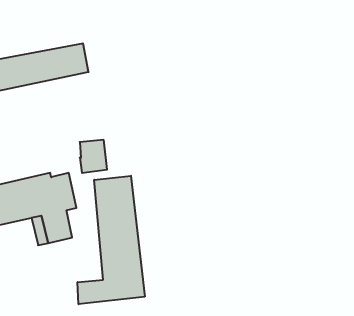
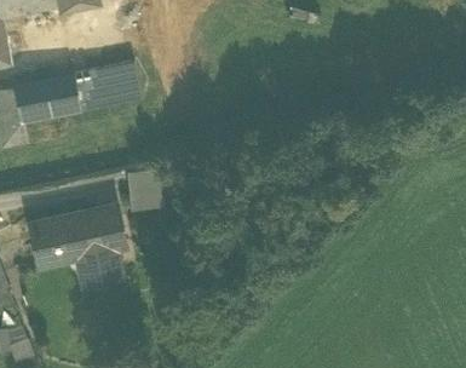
building: [78,176,145,304] -> none

